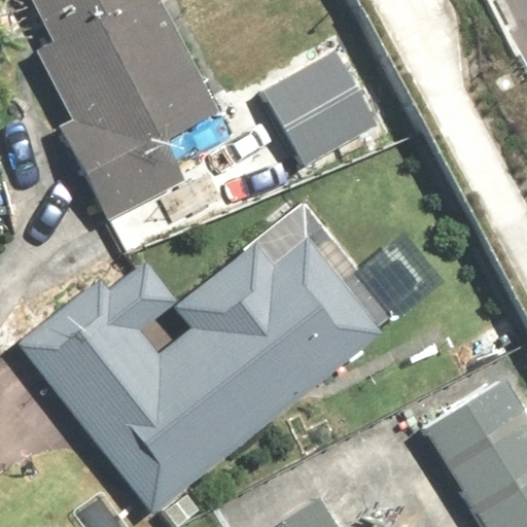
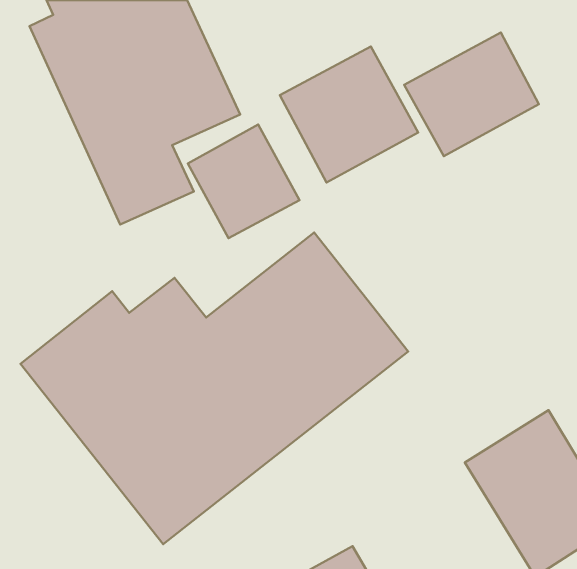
building: none -> [404,32,539,156]
building: none -> [188,124,299,238]

